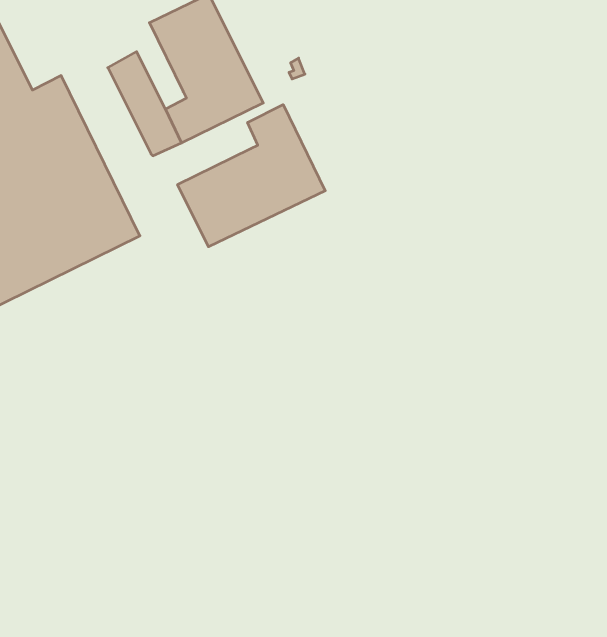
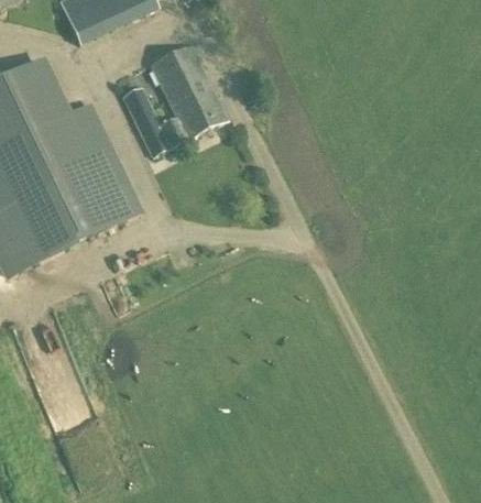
building: [178,105,325,247] -> none

